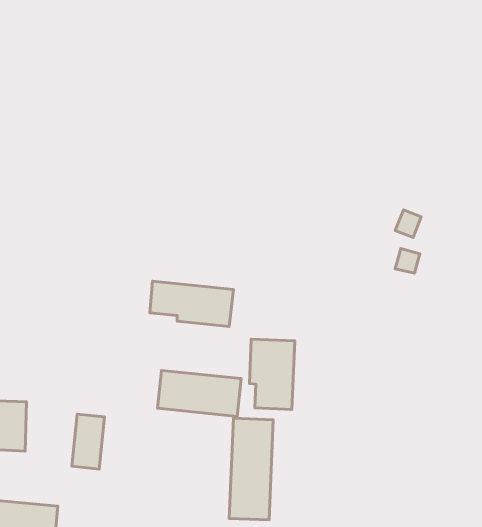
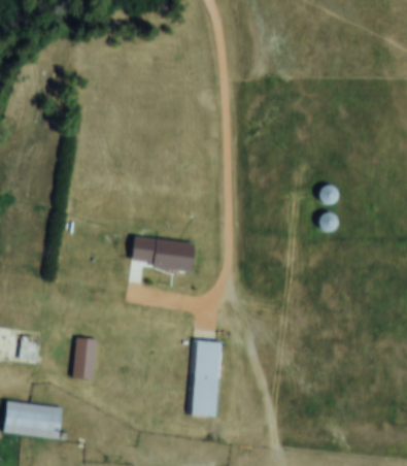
building: [250,339,295,410] -> none
building: [157,371,241,416] -> none

